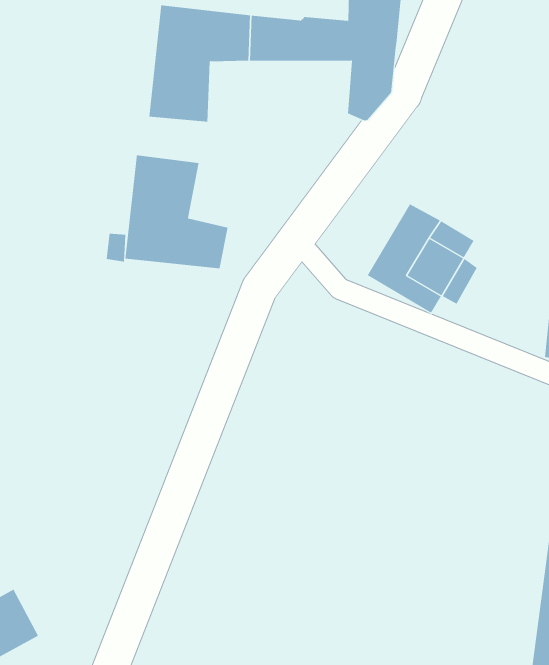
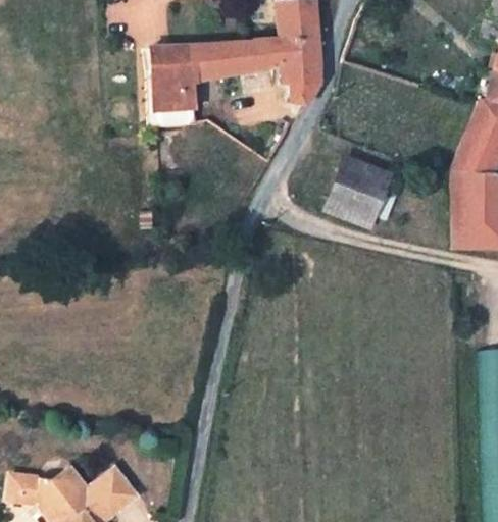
building: [125,154,228,269] -> none

